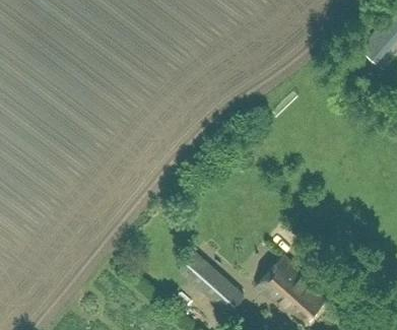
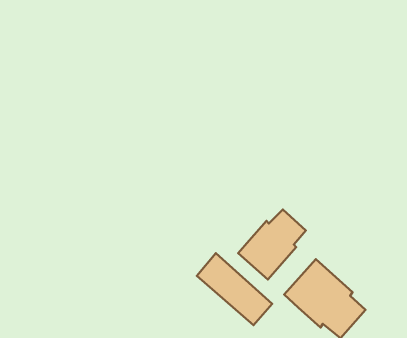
building: none -> [238,210,306,279]

